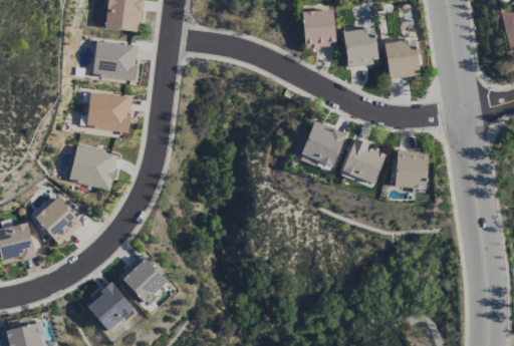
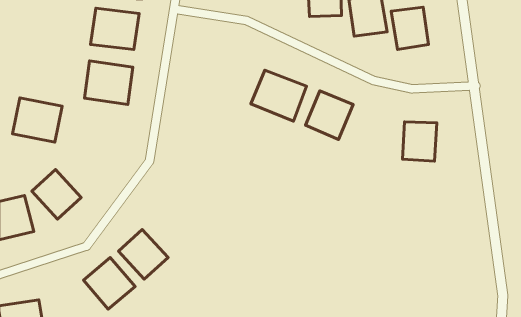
building: none -> [251,70,307,121]
building: [341,139,387,184] -> none
building: [69,146,117,190] -> [13,98,62,142]

